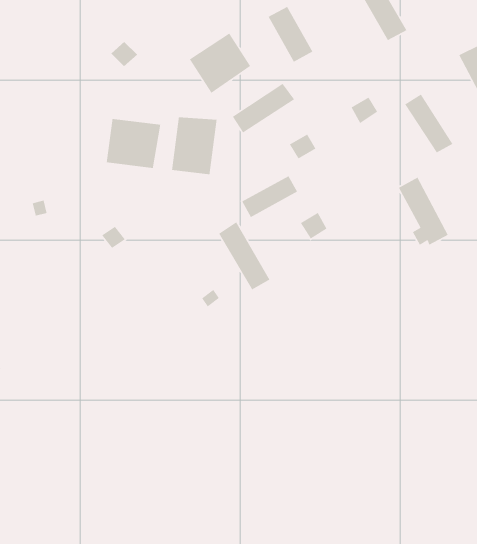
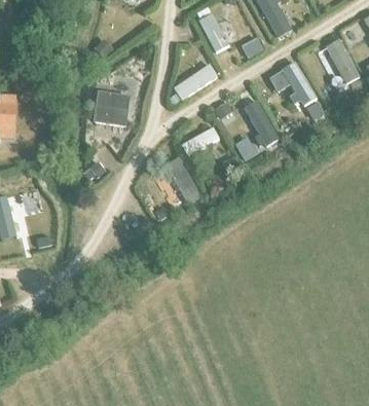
building: [189,33,251,94] -> none
building: [171,116,218,175] -> none
building: [398,177,449,246] -> [245,101,279,147]

